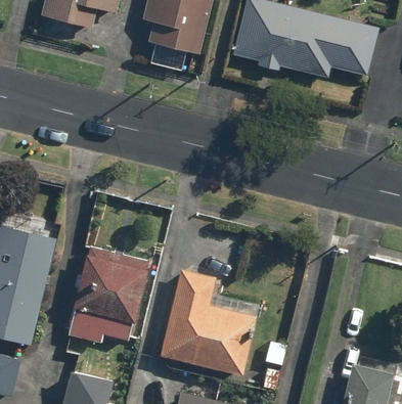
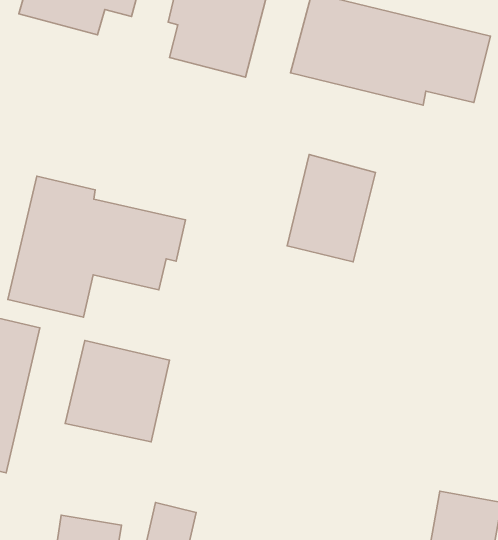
building: none -> [287,155,376,262]
building: none -> [8,176,185,317]
building: [157,268,248,374] -> none

